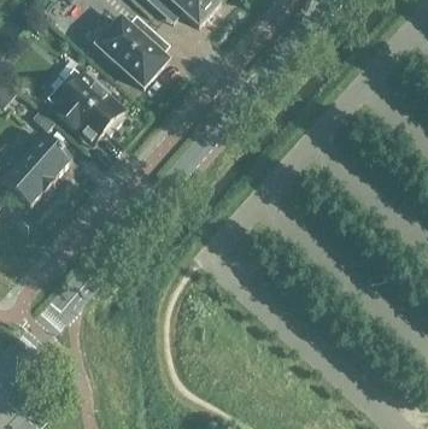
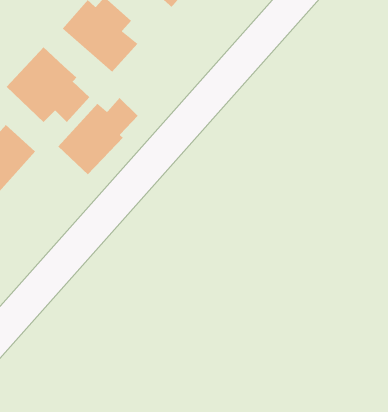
building: none -> [57,97,138,175]

